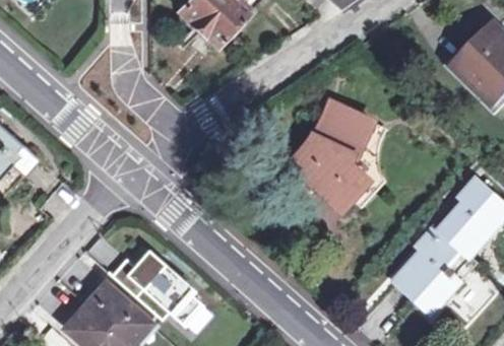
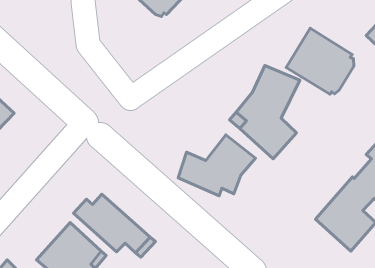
building: none -> [286,28,354,94]
building: none -> [178,135,256,196]

